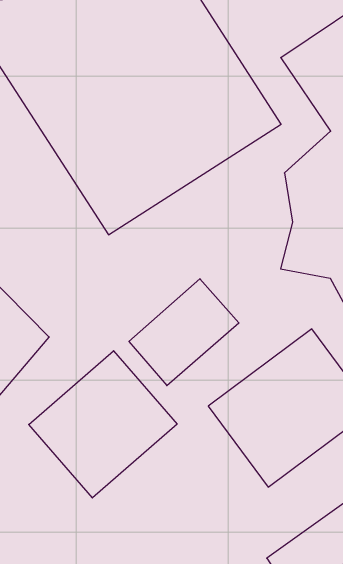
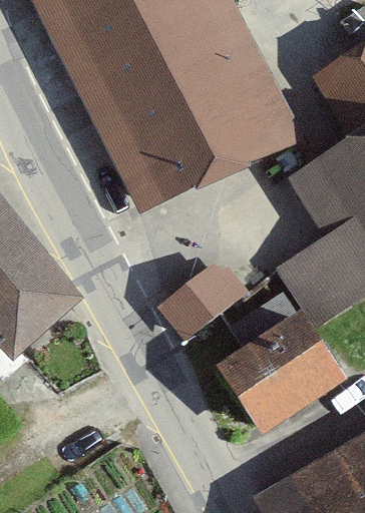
building: [29,351,177,498] -> none

